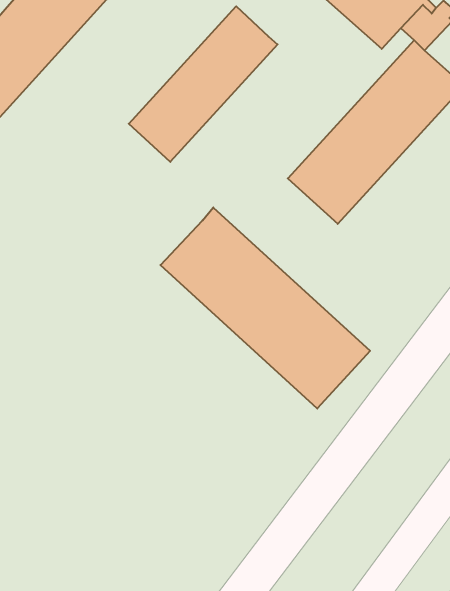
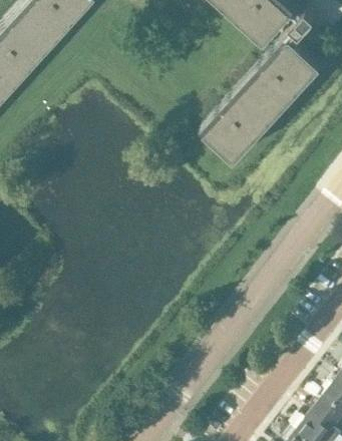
building: [129,6,278,162] -> none
building: [160,207,370,409] -> none

